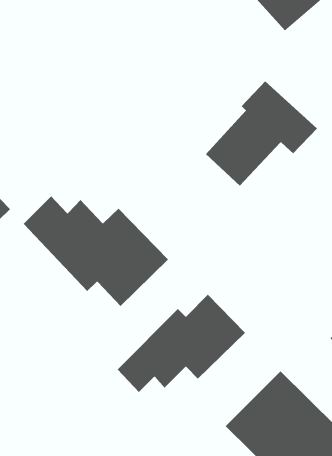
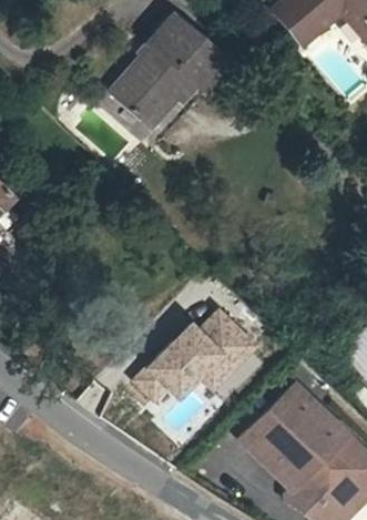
building: [205,81,318,186] -> [115,19,227,124]
building: [23,196,169,307] -> none

